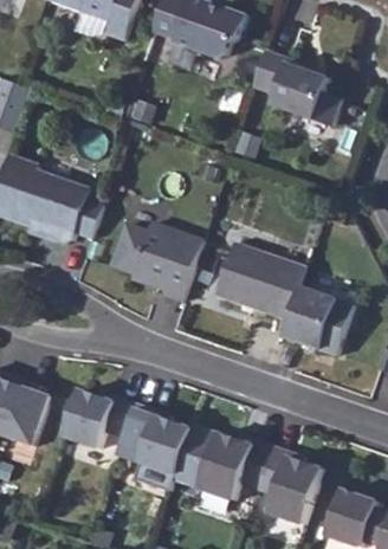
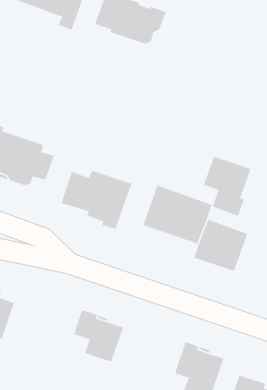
building: [253,53,342,129] -> none
building: none -> [203,156,252,217]
building: [63,389,136,447] -> none
building: [199,432,271,499] -> none

